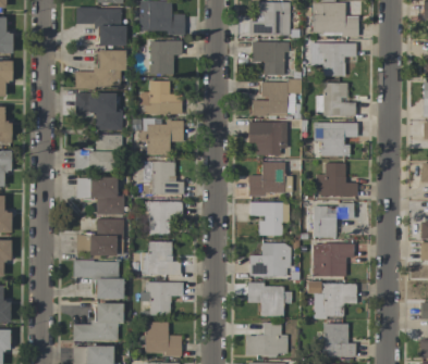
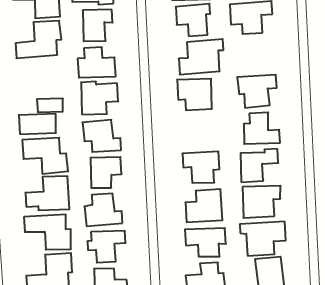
building: [317,83,356,115] -> none
building: [76,92,124,130] -> none
building: [249,162,293,197] -> none

